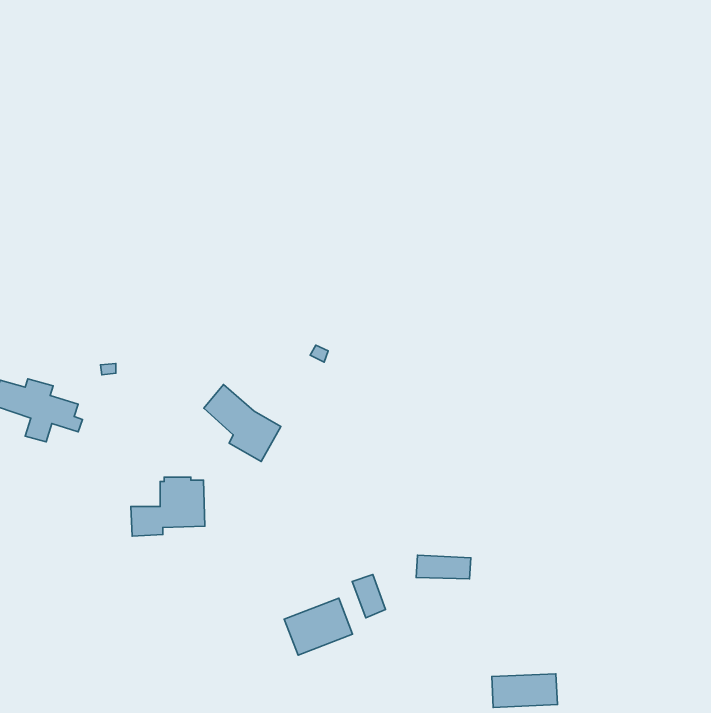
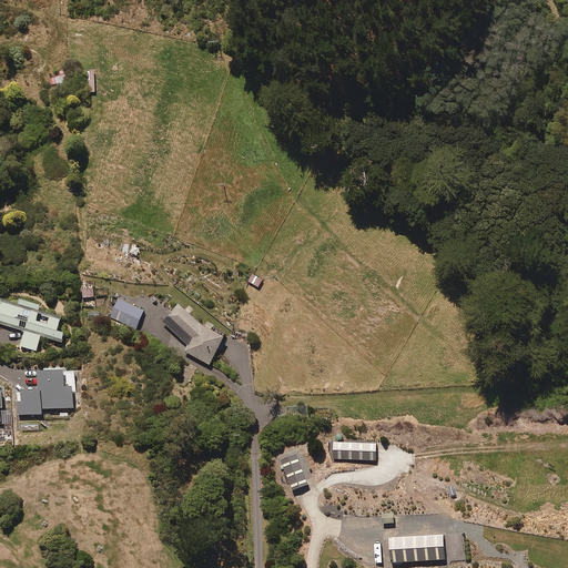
building: none -> [109,300,142,328]
building: [131,477,205,536] -> [17,368,75,415]
building: [284,598,353,655] -> none

